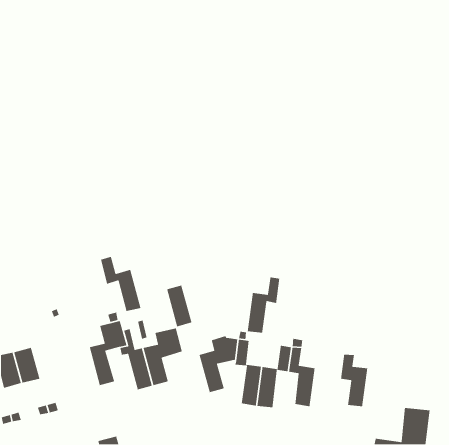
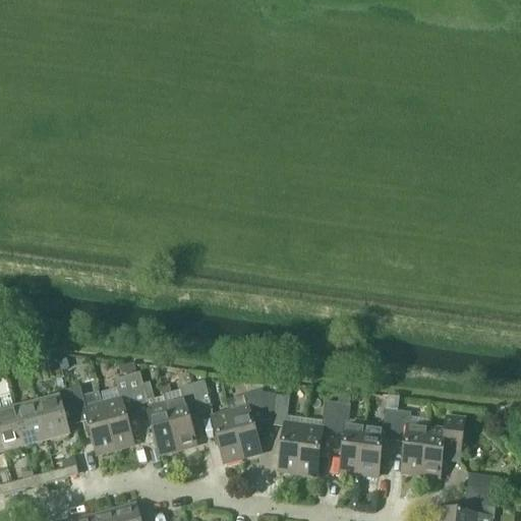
building: [100,256,142,312] -> [67,387,115,452]
building: [247,276,280,334] -> [359,408,398,474]
building: [166,284,192,327] -> [212,411,242,461]
building: none -> [37,397,68,440]
building: none -> [420,416,464,475]

